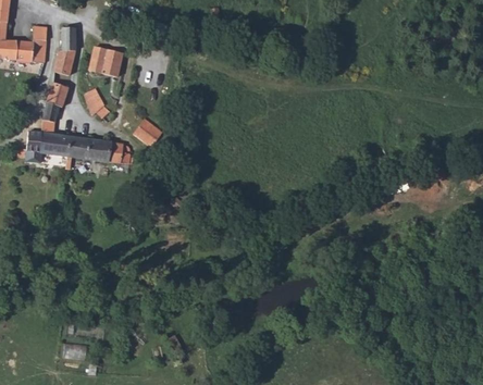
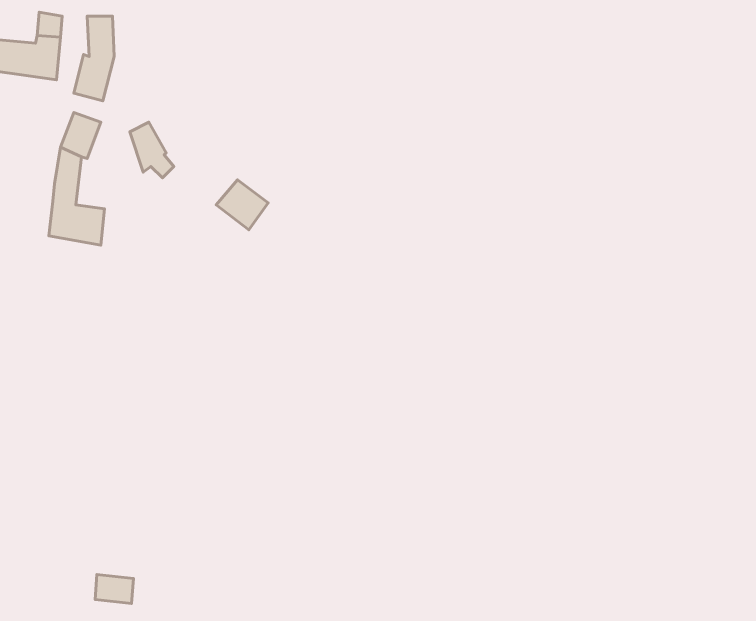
building: [88,46,122,77] -> none
building: [67,136,129,163] -> none

